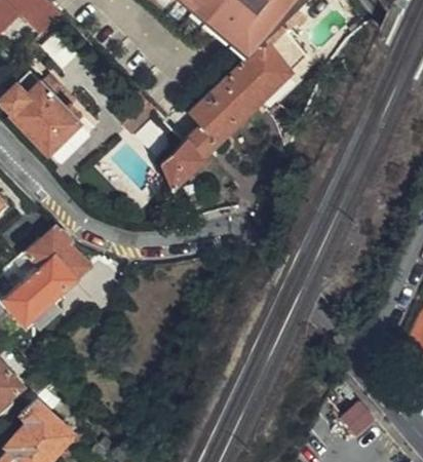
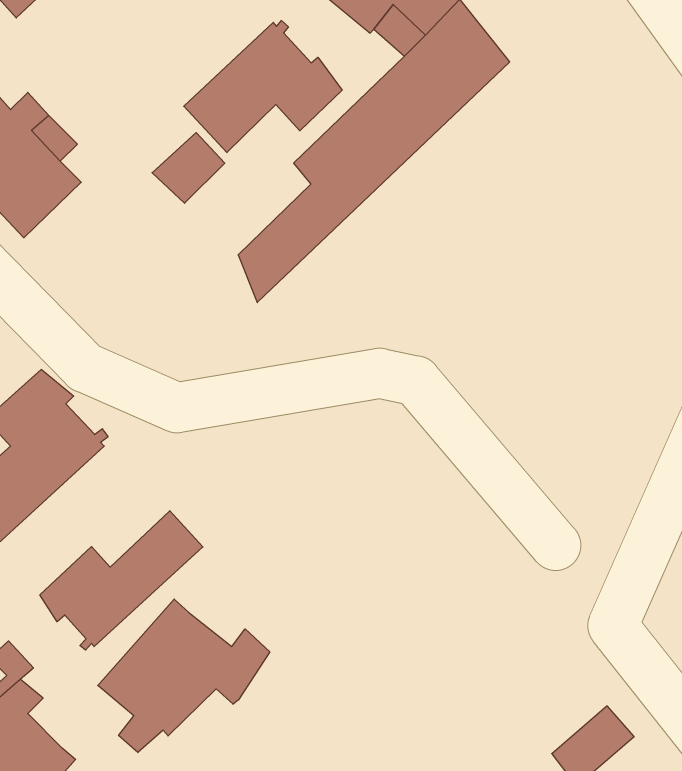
building: none -> [184,21,342,153]
building: none -> [40,511,203,650]
building: none -> [98,599,270,753]

